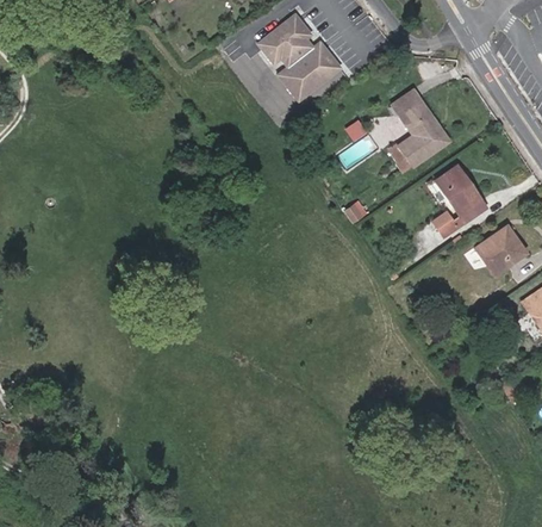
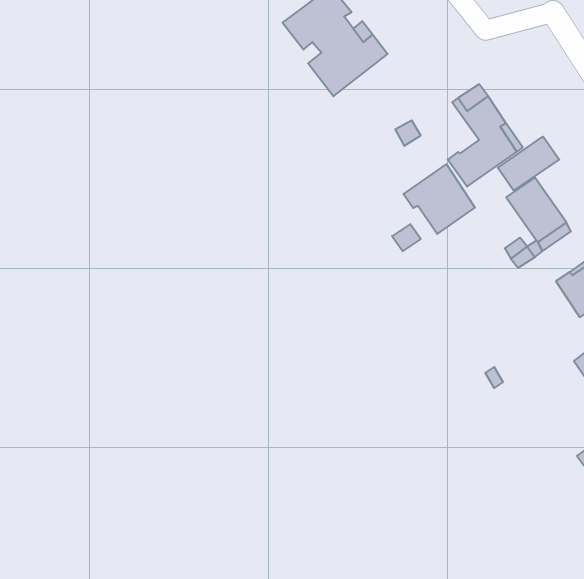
building: none -> [498,137,559,191]
building: none -> [403,164,475,234]

